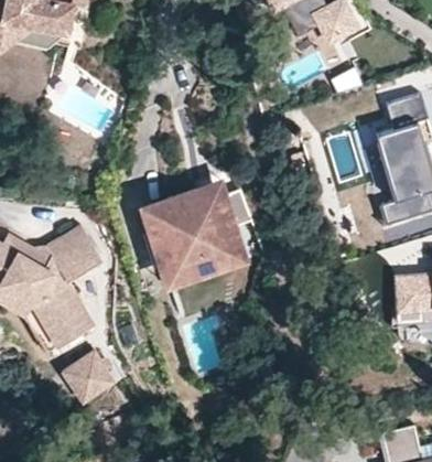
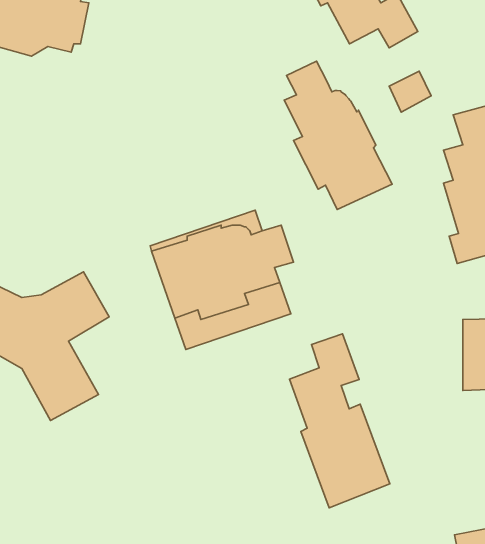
building: none -> [284,61,392,210]
building: none -> [289,334,390,508]
building: [63,348,115,399] -> none

